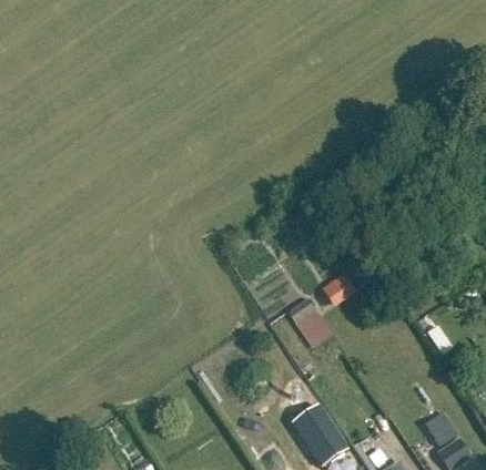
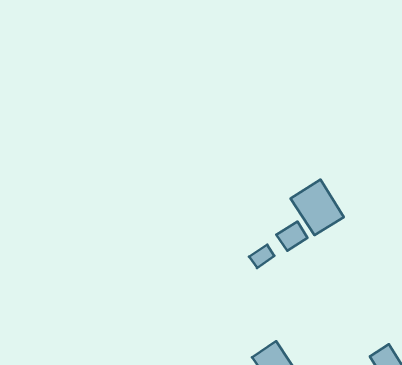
building: none -> [291,180,344,235]

